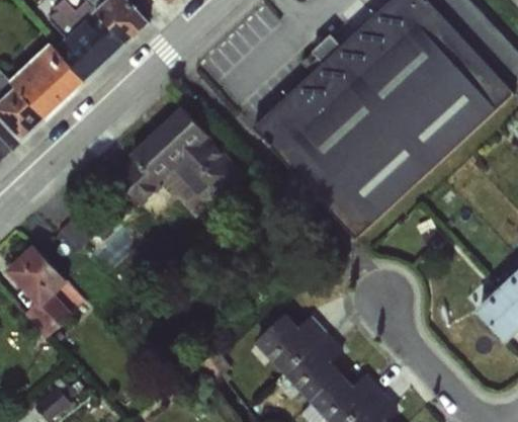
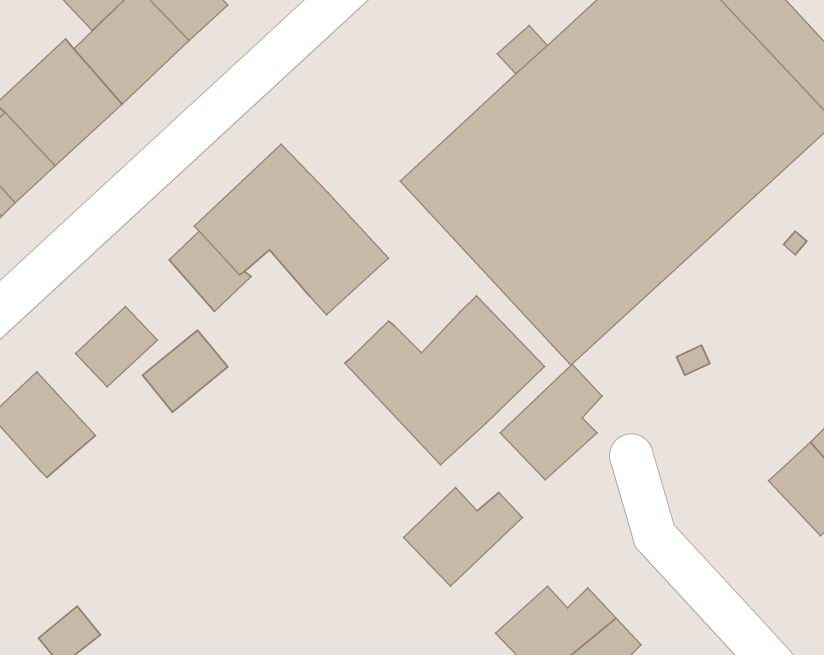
building: none -> [345,296,545,465]
building: [23,293,71,338] -> none
building: [282,331,344,401] -> [500,364,602,480]

